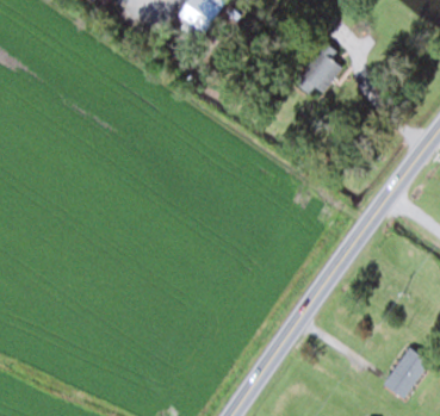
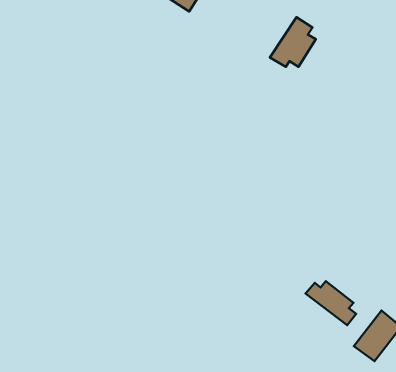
building: none -> [305,281,356,325]

